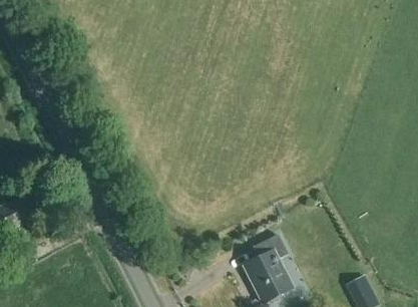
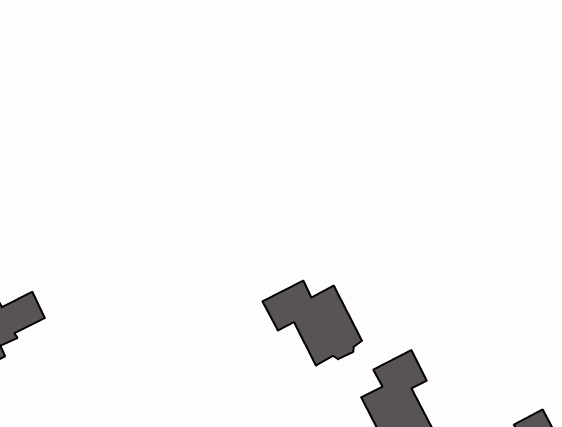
building: none -> [263,281,362,366]

